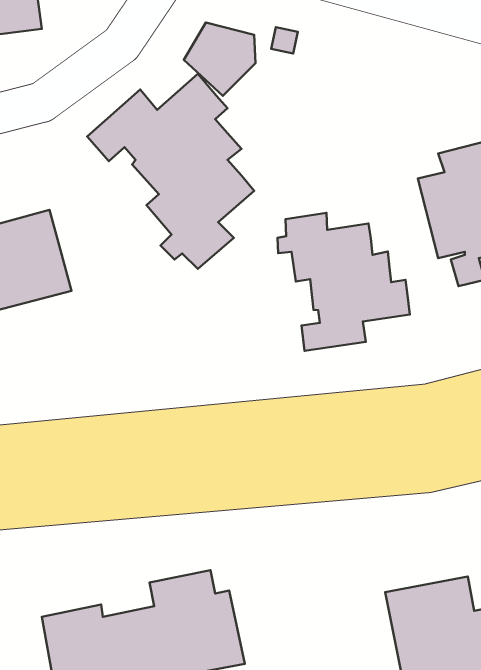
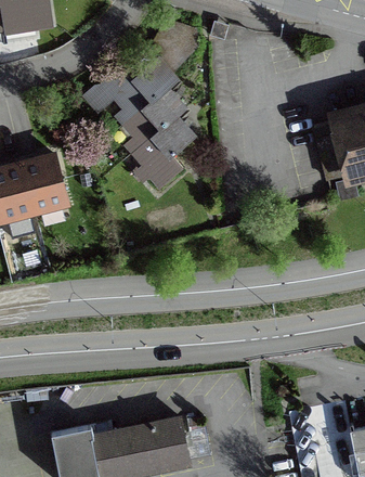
building: [278,213,410,351] -> none

